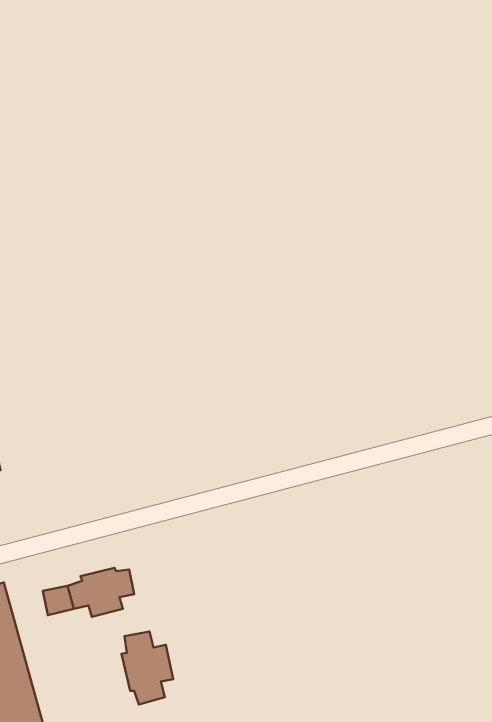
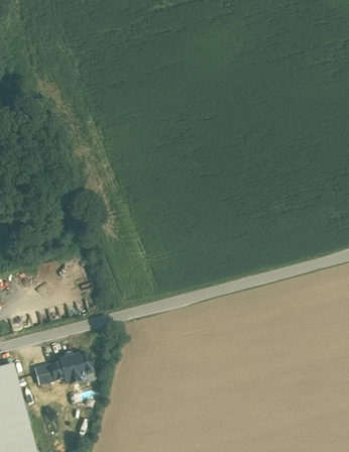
building: [121,631,173,704] -> none

